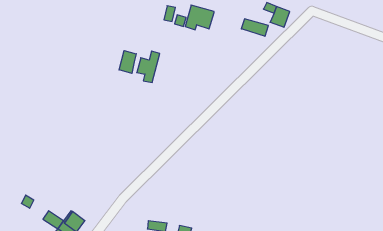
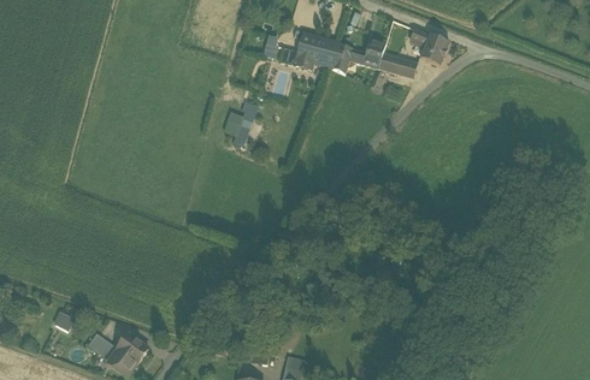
building: none -> [330,37,384,73]
building: [119,51,136,73] -> none

